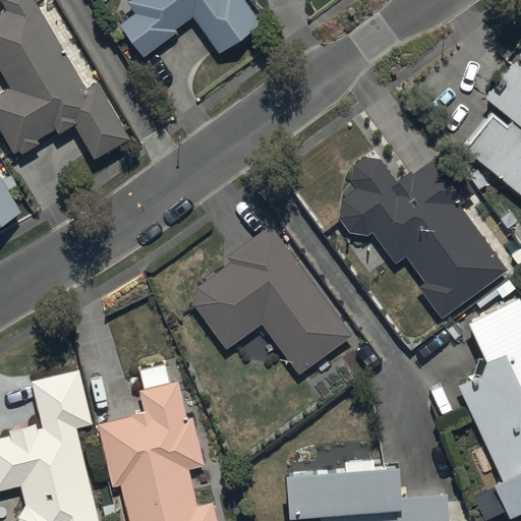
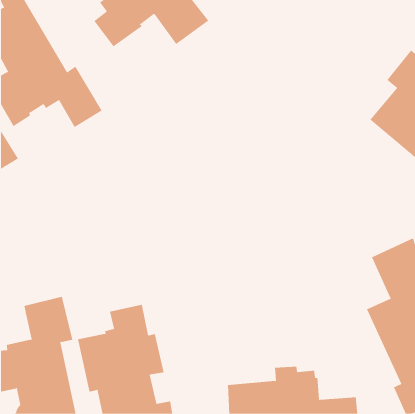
building: [339,152,507,319] -> none
building: [197,227,350,377] -> none

